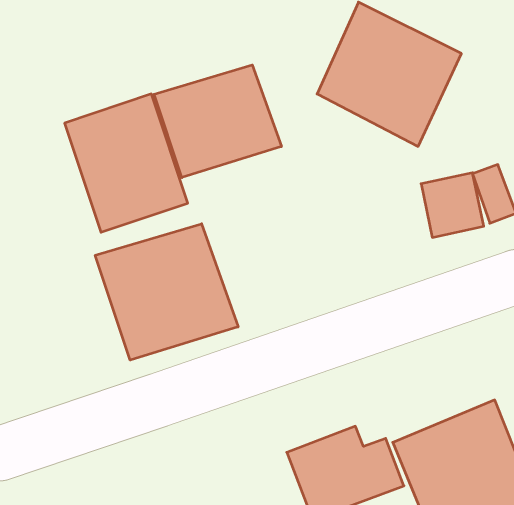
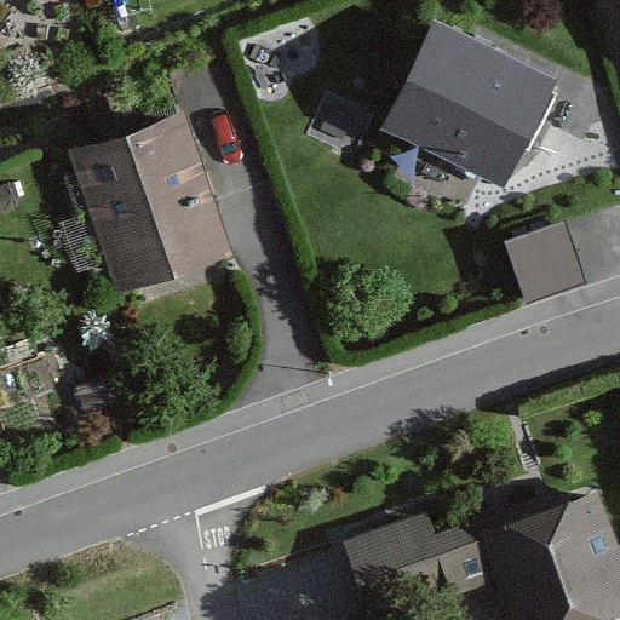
building: [154,65,281,178] -> none
building: [95,224,238,360] -> none

